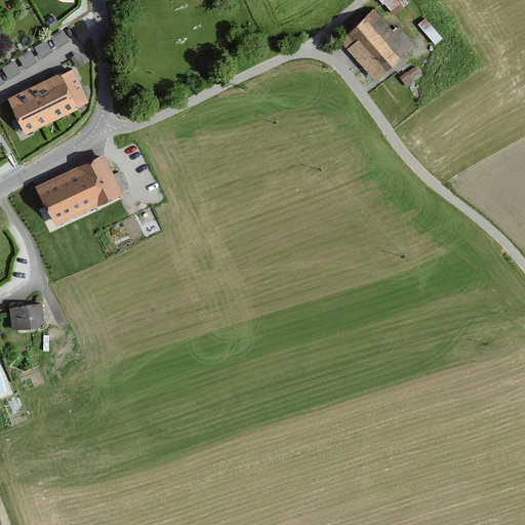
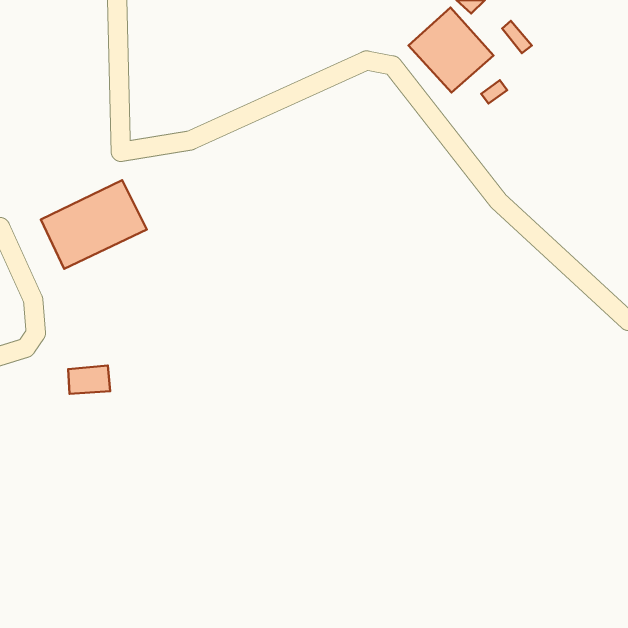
building: [8,69,89,134] -> none
building: [9,306,44,329] -> [68,365,110,394]

